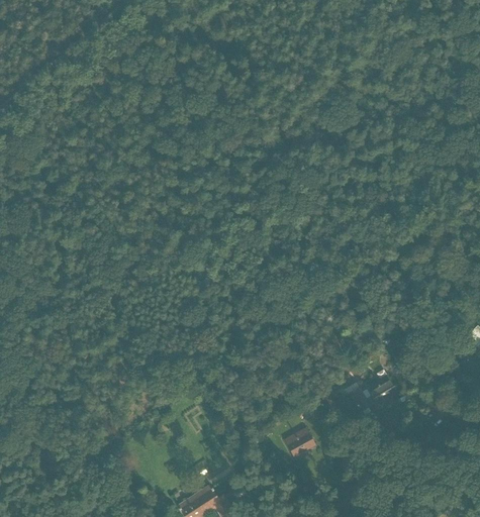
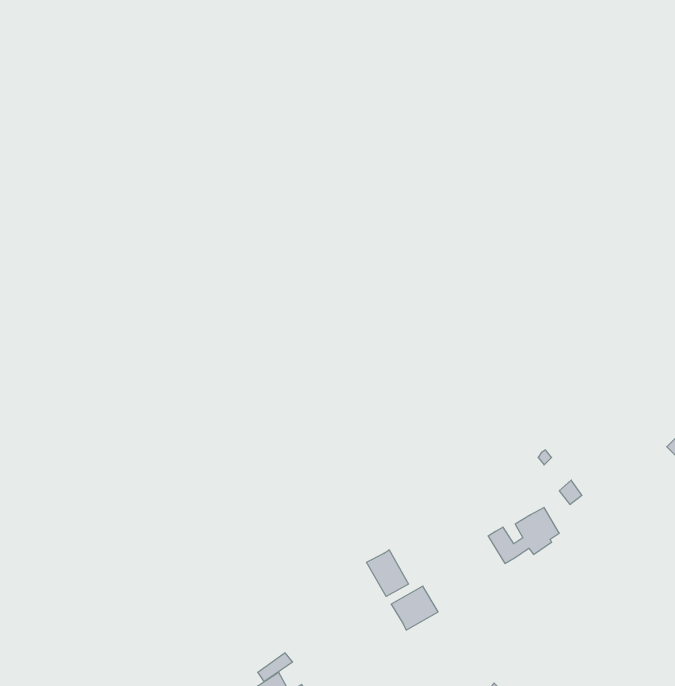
building: none -> [367,550,409,596]

